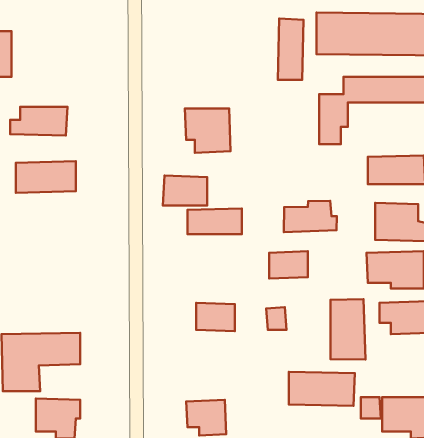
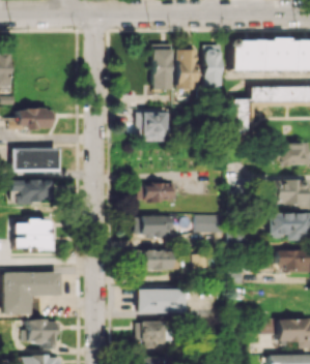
building: none -> [152,43,172,90]
building: none -> [177,50,198,90]
building: [163,176,207,206] -> [141,215,173,237]
building: [284,201,337,232] -> none
building: none -> [11,179,54,204]
building: none -> [15,219,51,250]
building: [331,299,365,360] -> none
building: [289,372,355,406] -> [138,289,186,313]

